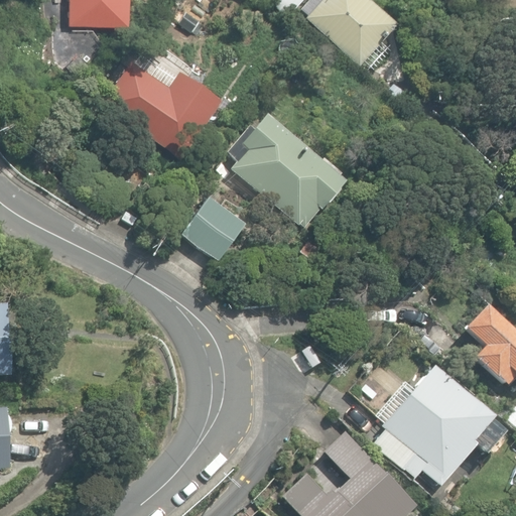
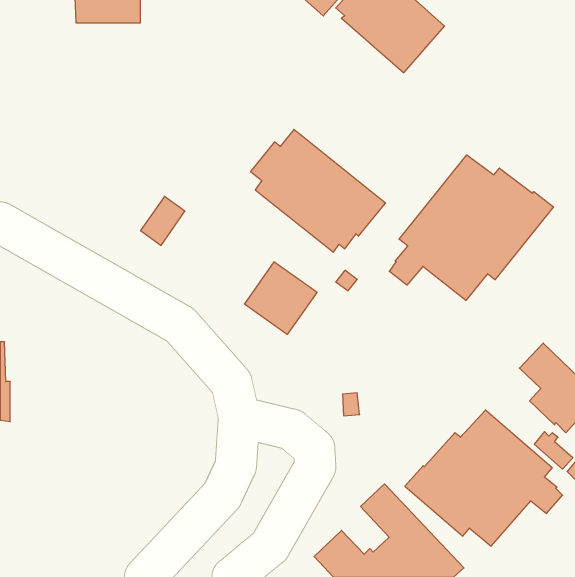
building: [104,60,223,157] -> none
building: none -> [389,155,553,300]
building: [180,197,245,261] -> [244,262,317,334]

